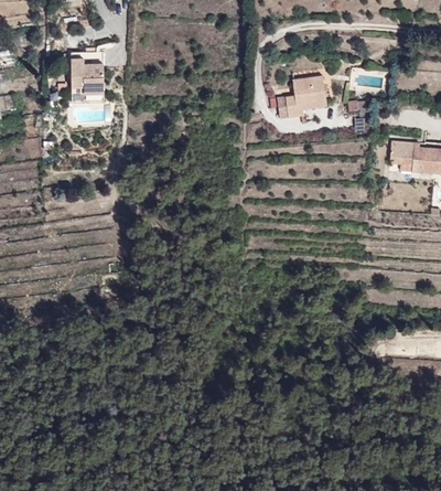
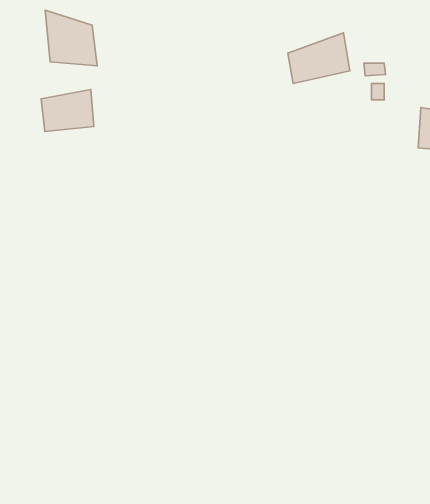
building: none -> [41,89,94,131]

